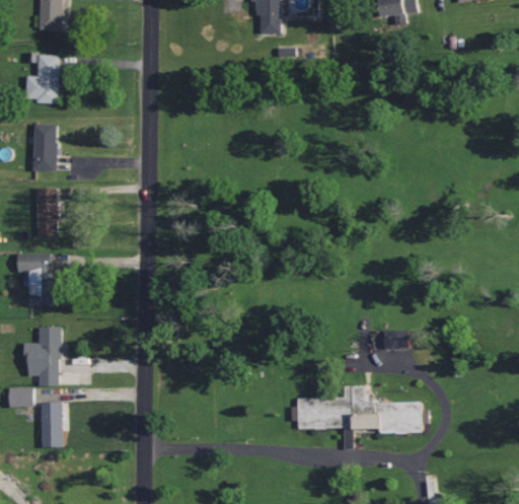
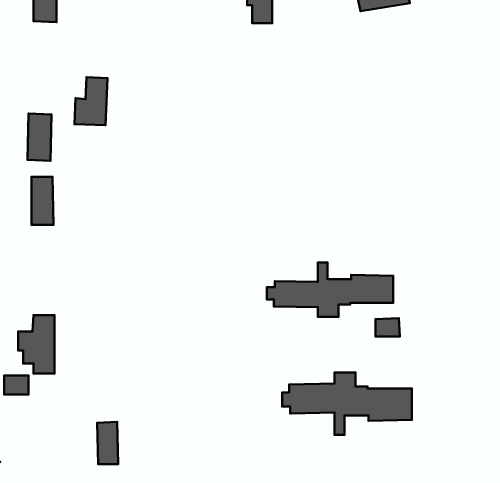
building: [26,54,60,102] -> [74,77,107,125]
building: [17,253,56,305] -> none
building: none -> [267,263,393,317]
building: [41,402,62,444] -> [97,422,118,464]

